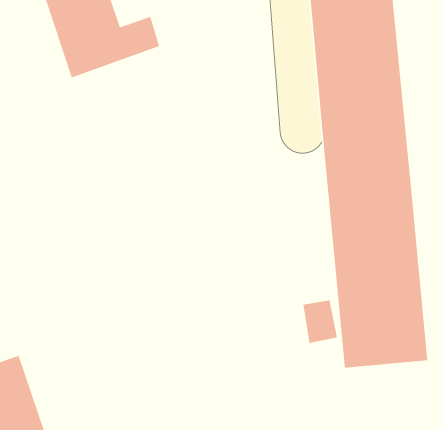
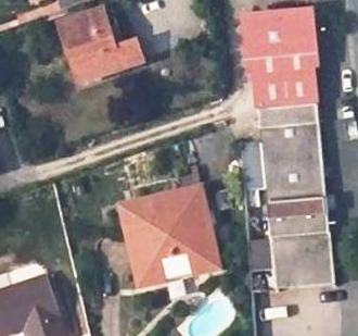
building: none -> [119,188,218,286]

